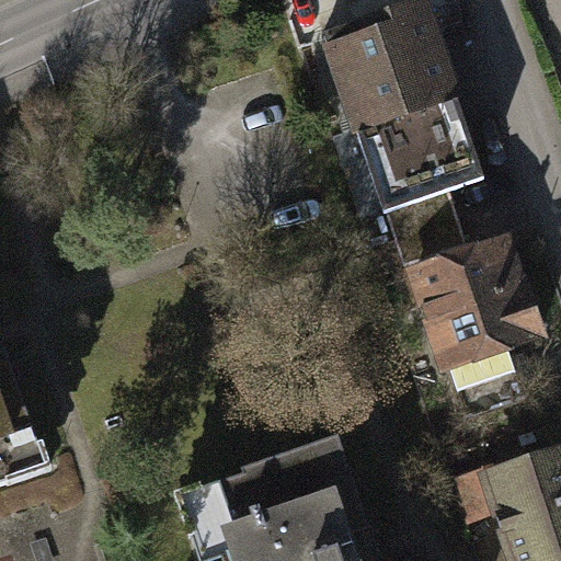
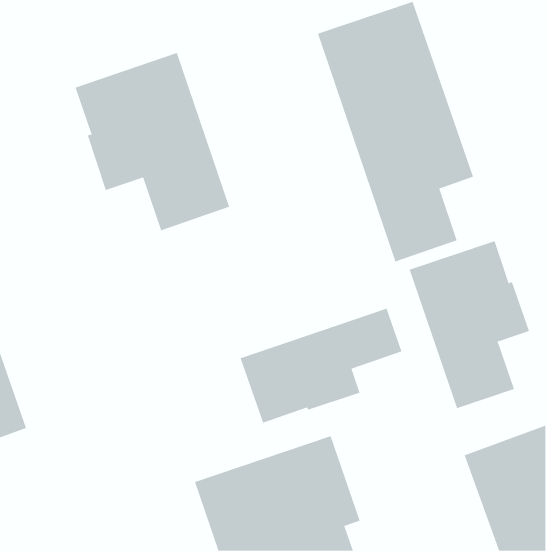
building: none -> [75,52,230,231]
building: none -> [240,308,402,424]

